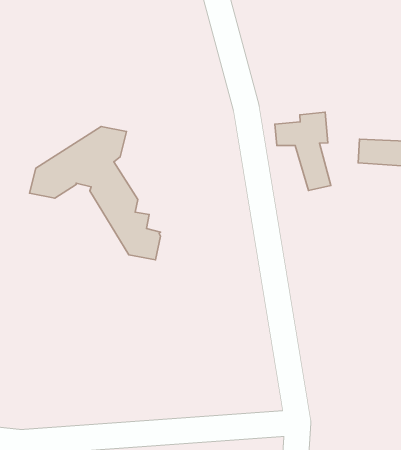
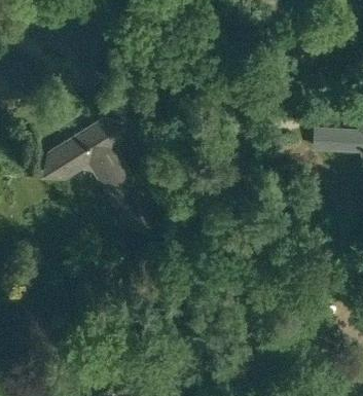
building: [275,112,331,191] -> none

